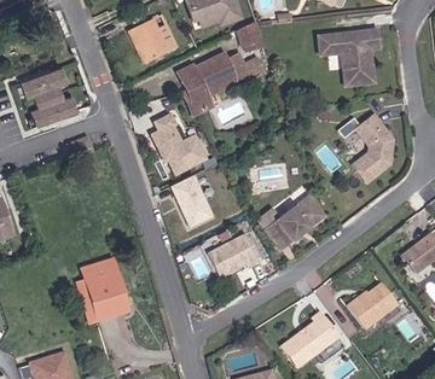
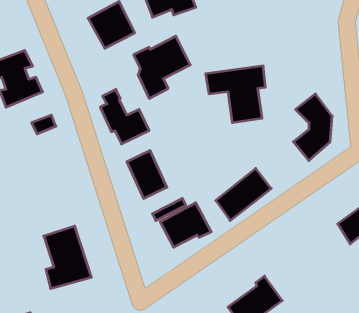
building: [236,21,267,65] -> none
building: [308,28,373,89] -> [206,66,265,123]
building: [341,282,389,328] -> none

